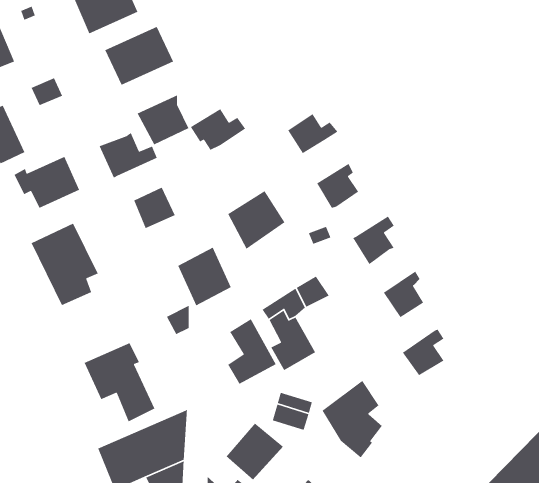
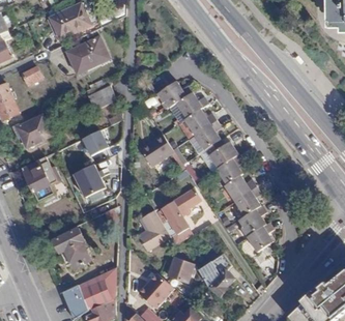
building: [190,108,246,151] -> [156,76,191,101]
building: [98,132,158,179] -> none
building: none -> [182,105,212,130]
building: none -> [205,136,236,163]
building: [177,247,232,306] -> [71,167,105,203]
building: none -> [223,171,253,197]
building: none -> [237,201,264,233]

